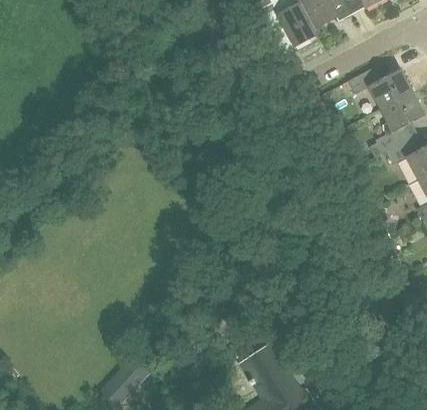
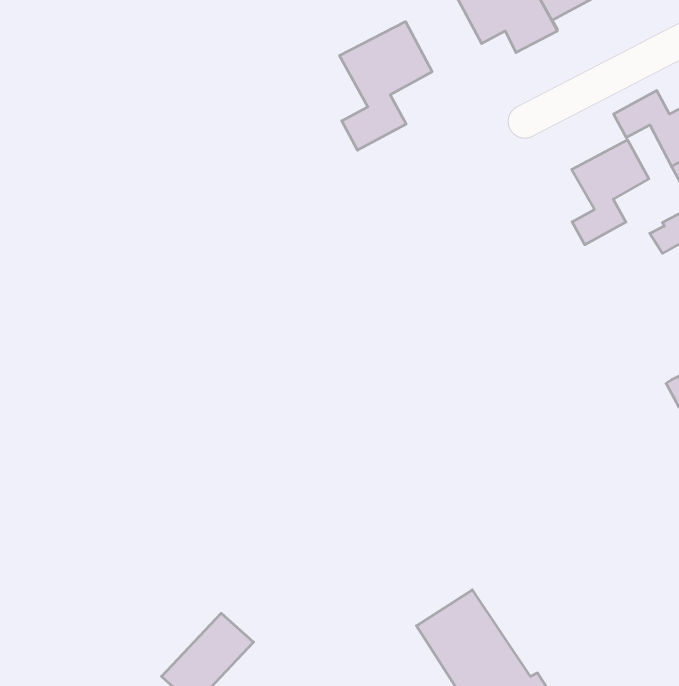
building: none -> [340,22,432,150]
building: none -> [572,140,649,245]

